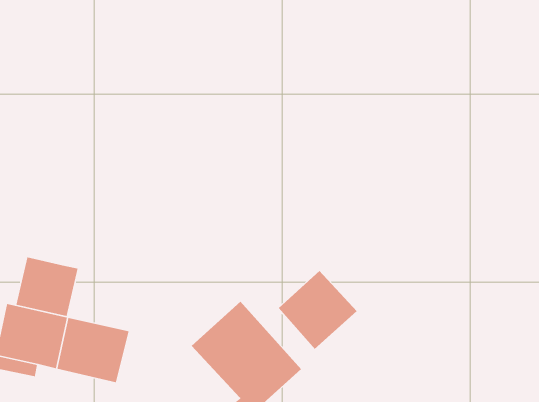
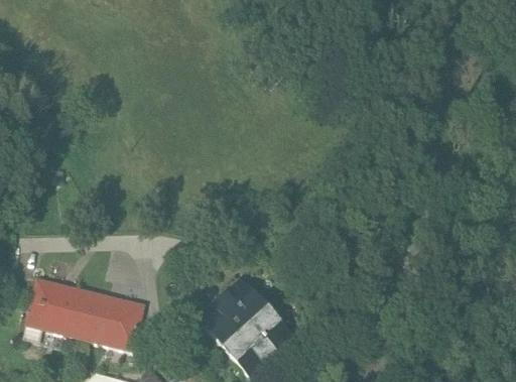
building: [16,256,78,317] -> none
building: [278,270,357,350] -> none

